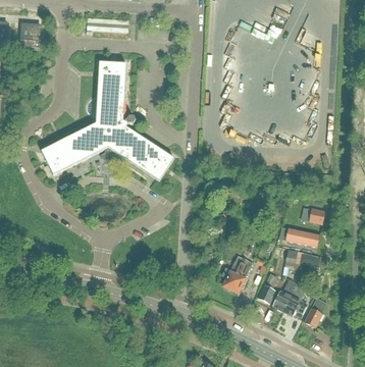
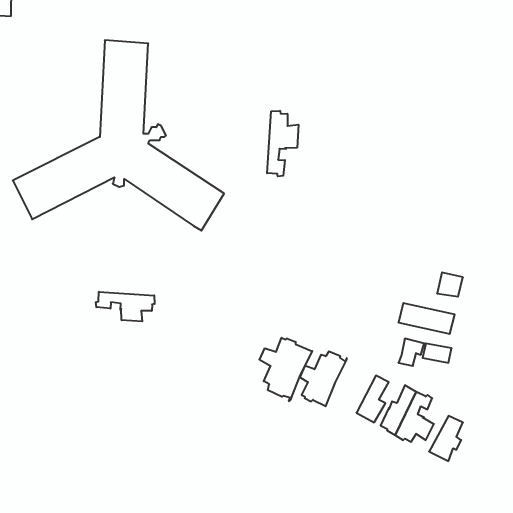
building: none -> [267,111,298,176]
building: none -> [96,292,155,321]
building: none -> [259,338,312,401]

